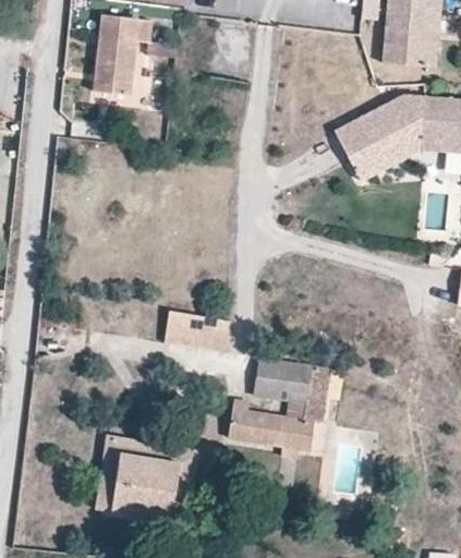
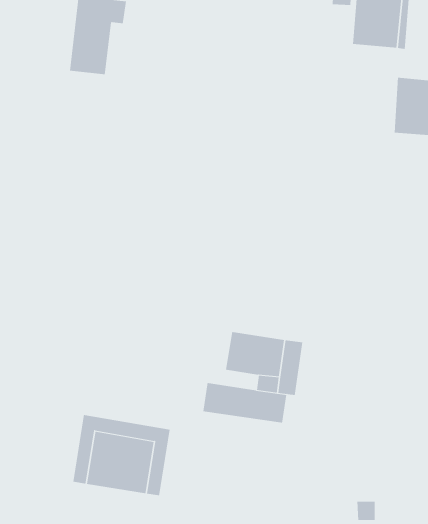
building: [336,94,428,179] -> none
building: [163,312,231,352] -> none

